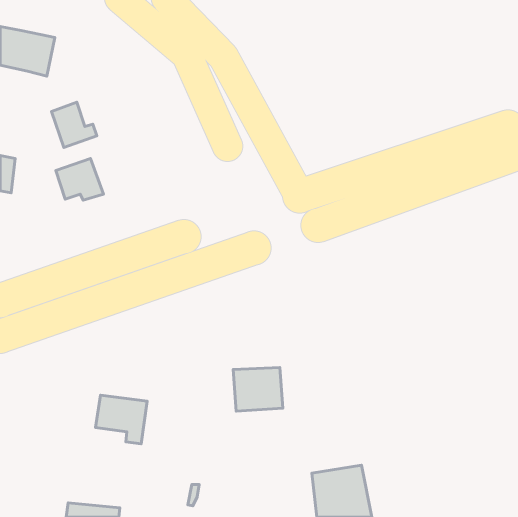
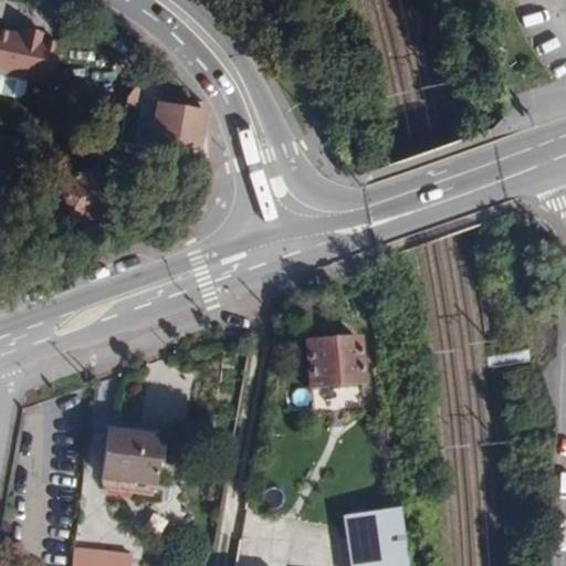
building: none -> [161,105,203,149]
building: [52,102,97,147] -> none
building: [233,368,283,411] -> [306,338,360,386]

